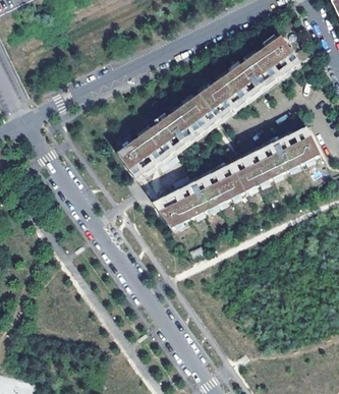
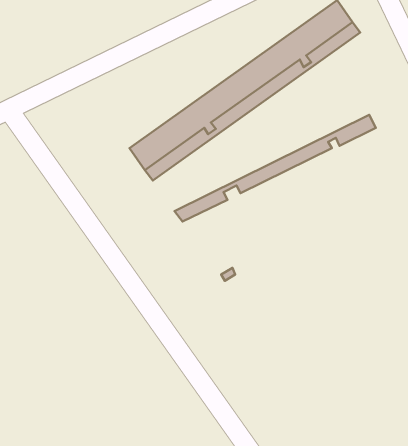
building: [158,135,320,227] -> none

